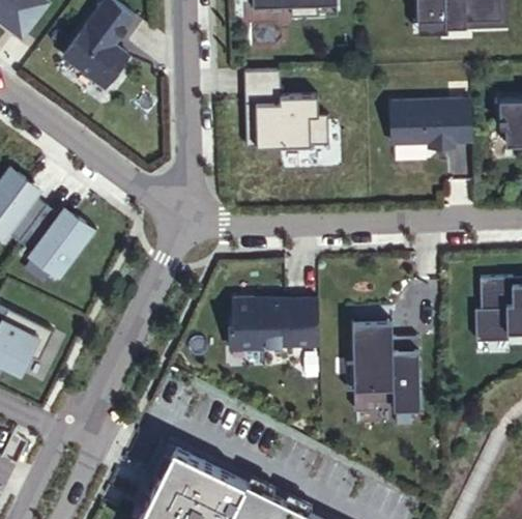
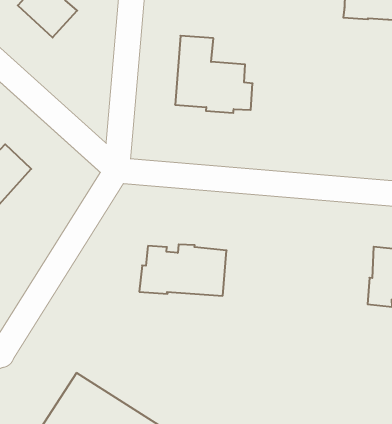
building: [386,98,472,147] -> none
building: [344,320,418,413] -> none

